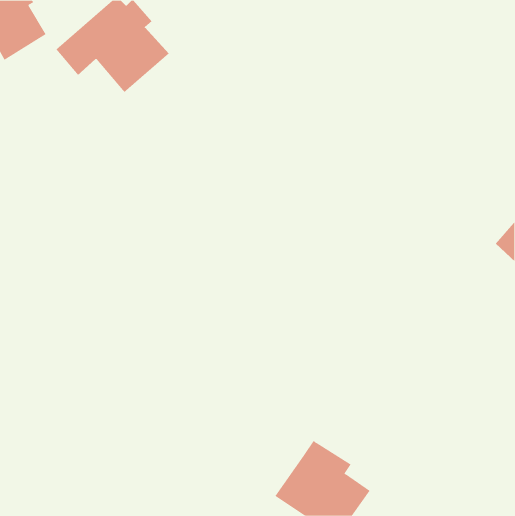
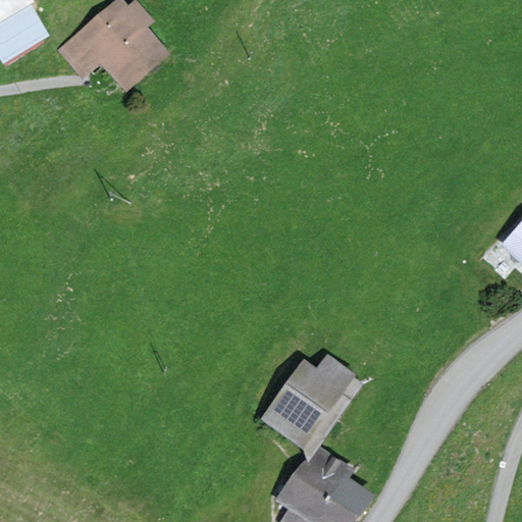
building: none -> [260,353,364,460]

